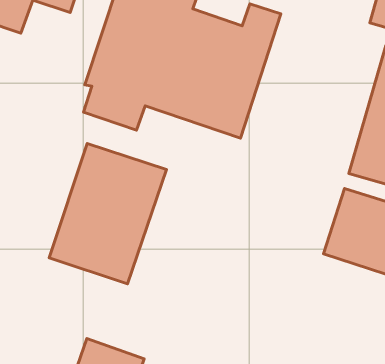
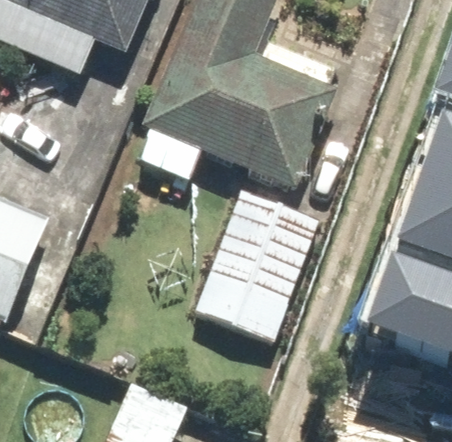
building: [49,143,166,284] -> [195,194,319,339]

